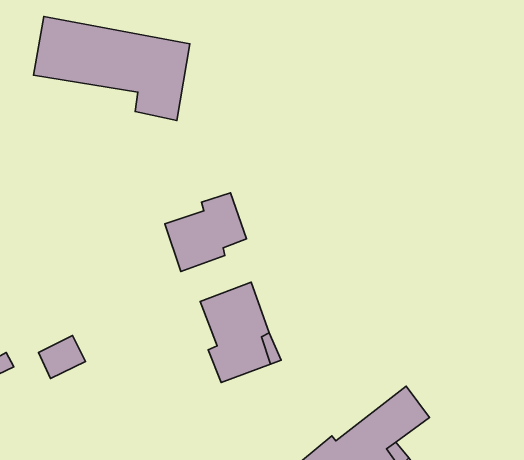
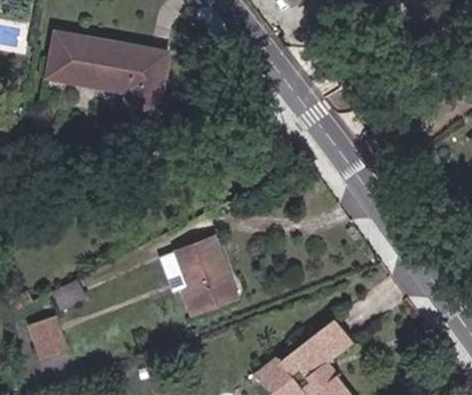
building: [165,193,247,271] -> none
building: none -> [29,317,66,359]

